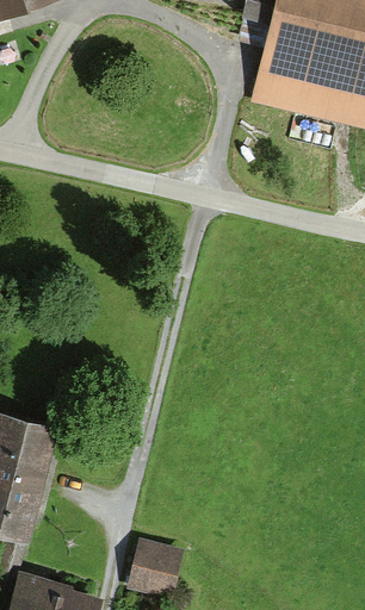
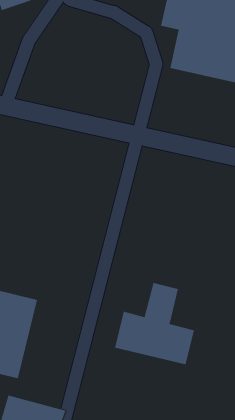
building: none -> [115,282,195,365]
building: [128,536,185,597] -> none

